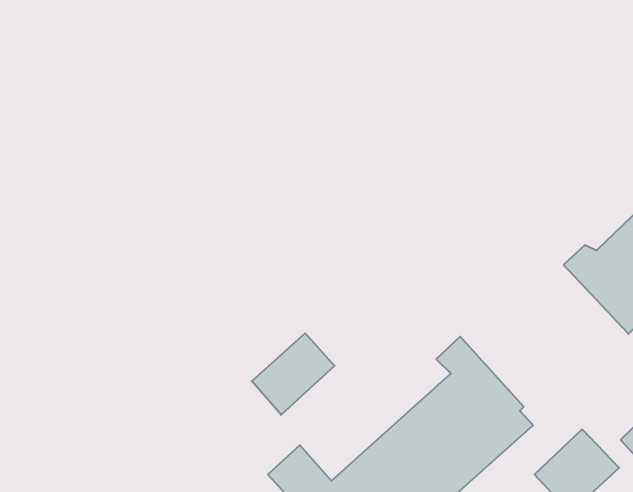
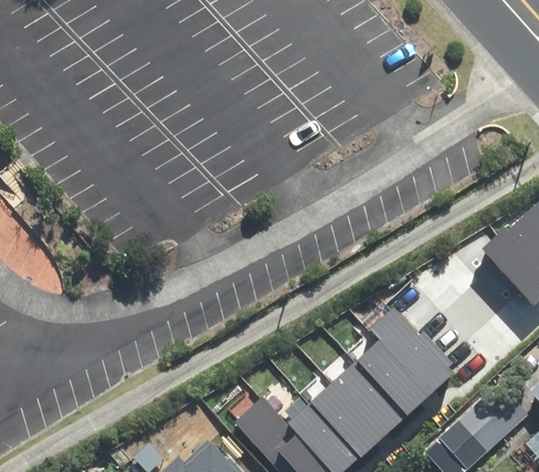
building: [252,333,335,415] -> none

